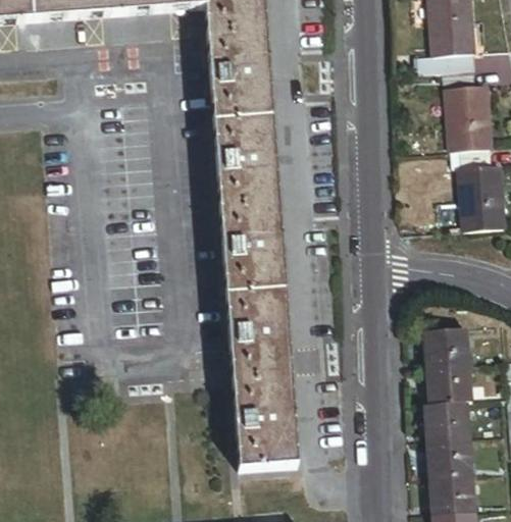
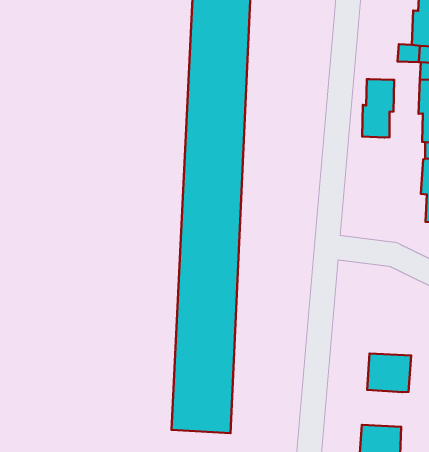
building: none -> [362,79,394,137]
building: [425,321,470,362] -> none
building: [426,397,469,434] -> none

